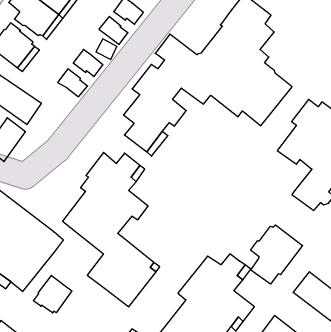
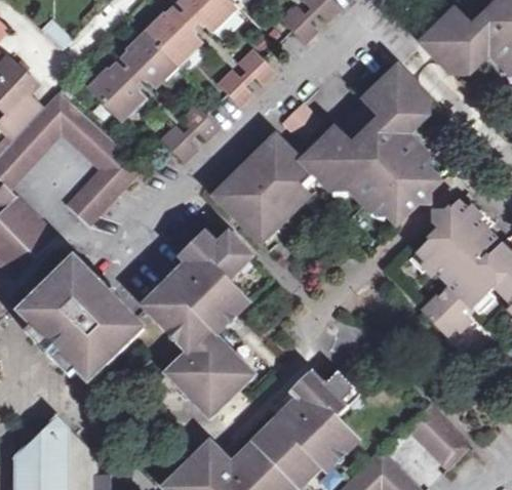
building: none -> [214,160,257,213]
building: [251,225,303,284] -> none
building: [33,275,72,313] -> none

